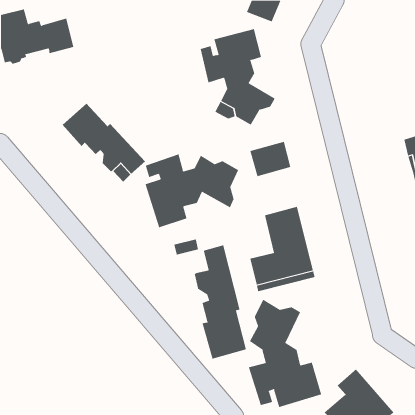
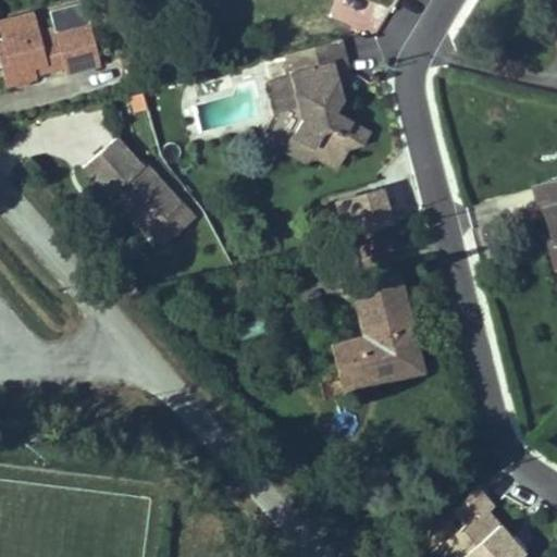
building: [145,153,239,228] -> none
building: [194,244,247,360] -> none
building: [248,299,322,408] -> none

